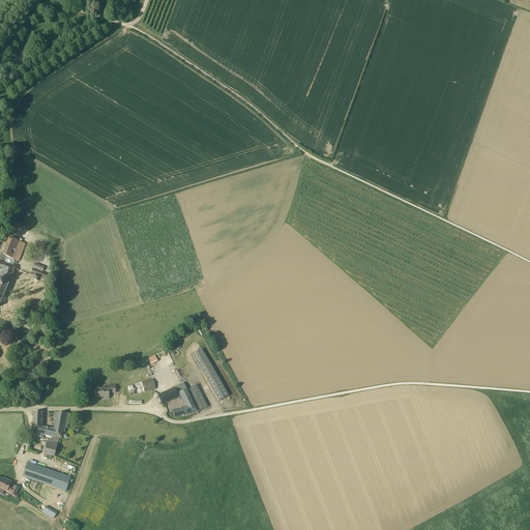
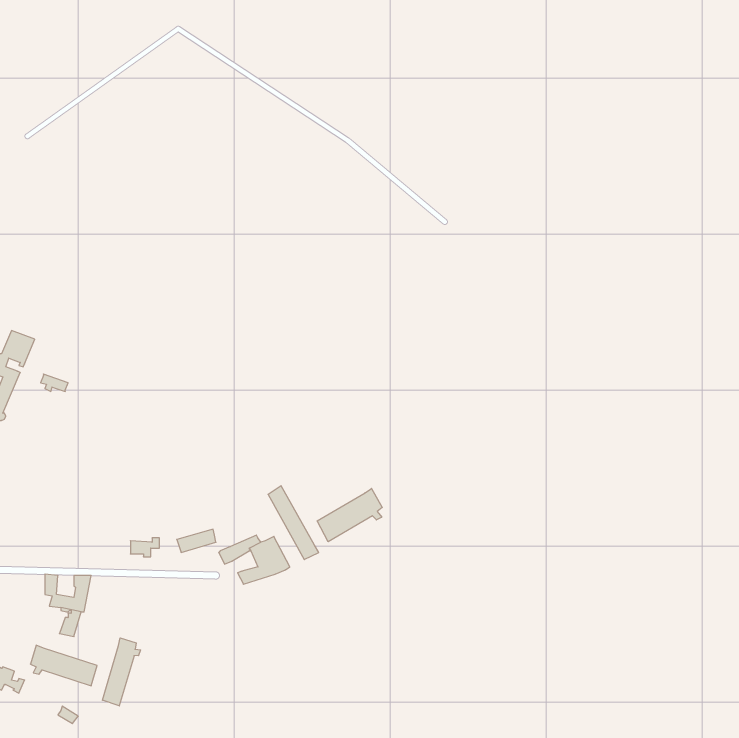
building: none -> [317,488,382,542]
building: none -> [102,638,141,706]

